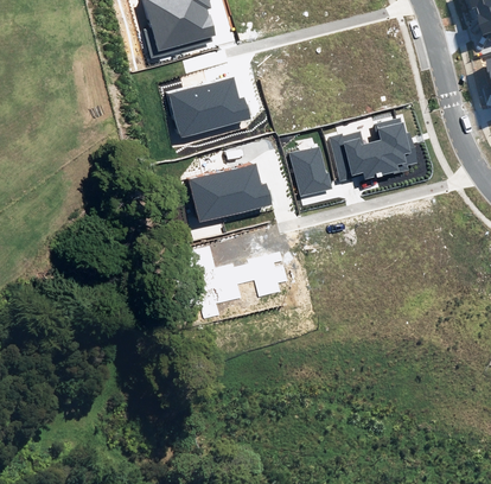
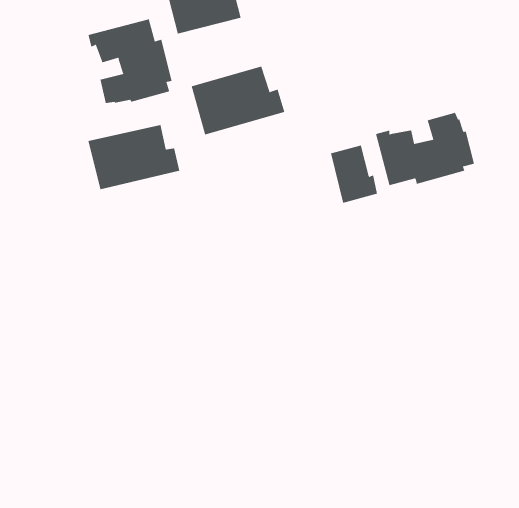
building: none -> [88,18,172,104]
building: [190,164,270,221] -> [87,124,180,190]

